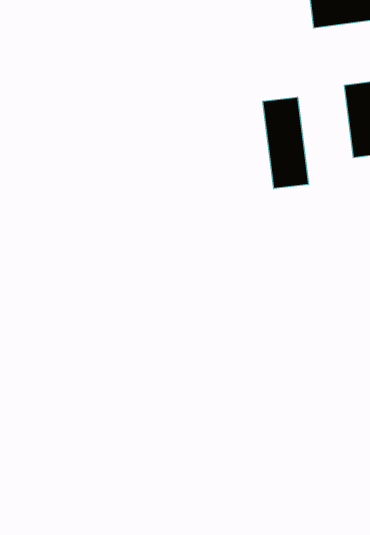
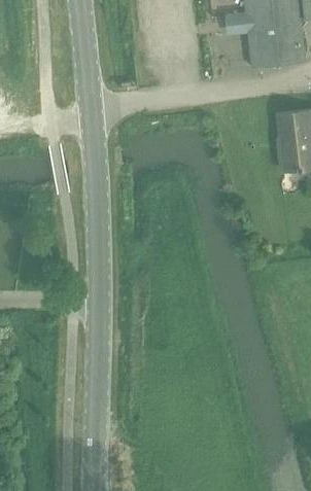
building: [263,97,308,189] -> none

